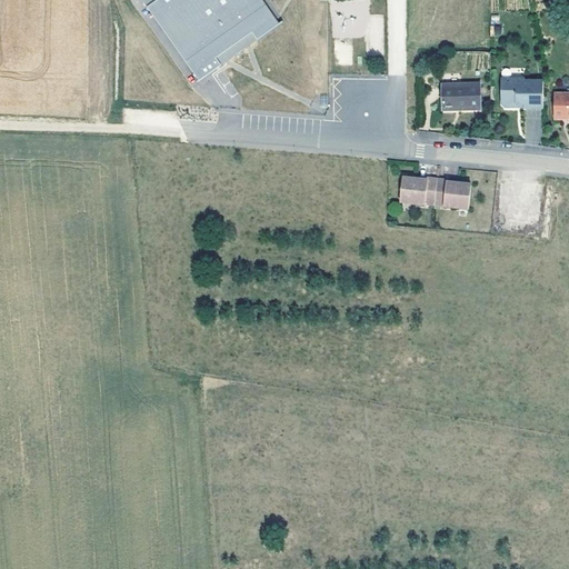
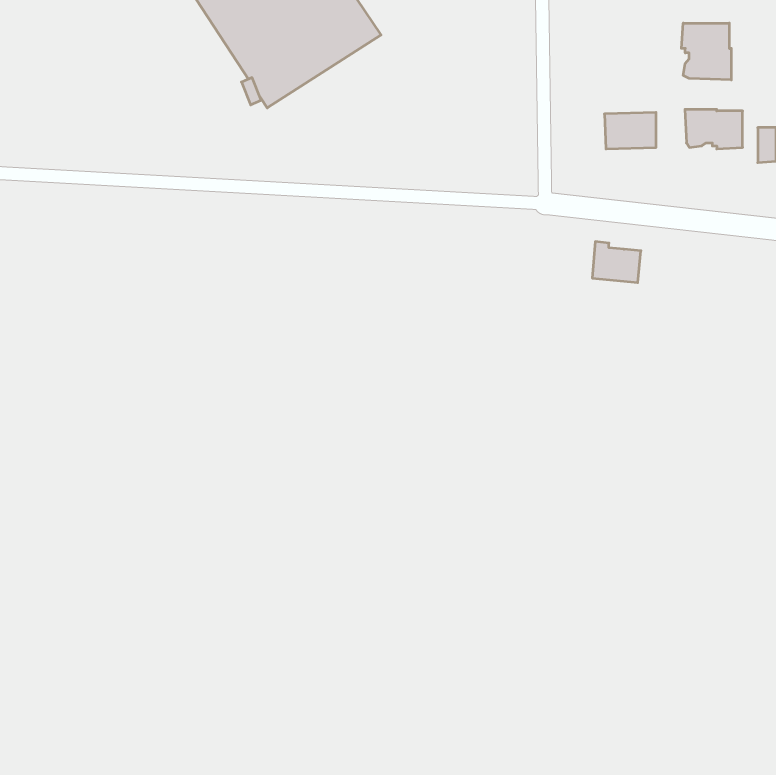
building: none -> [681,23,731,80]
building: [399,176,436,203] -> none

